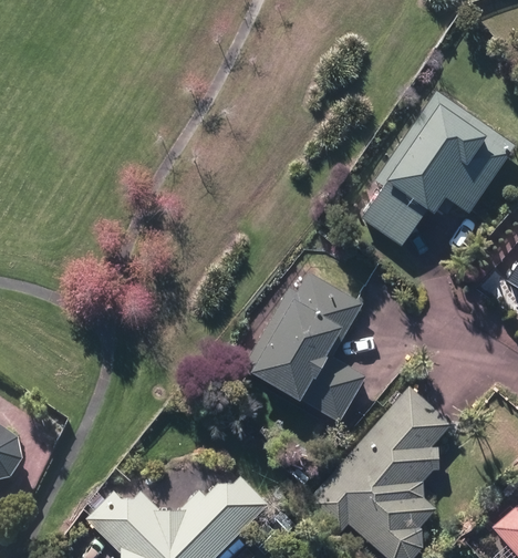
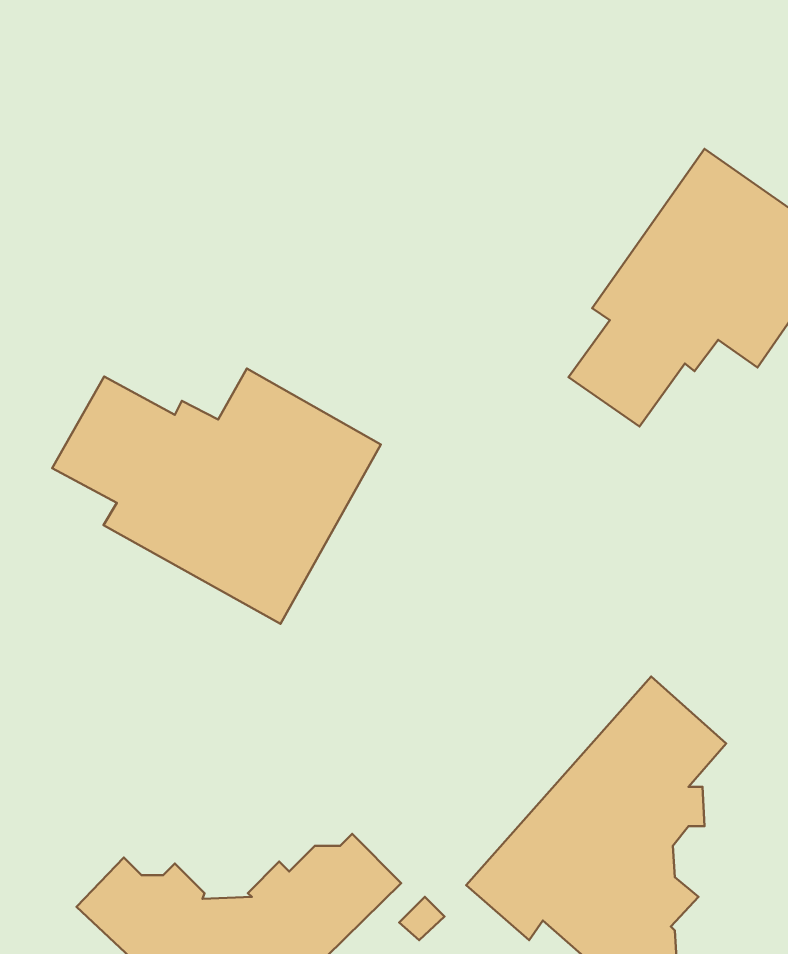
building: none -> [52,368,381,624]
building: [245,272,367,421] -> none

